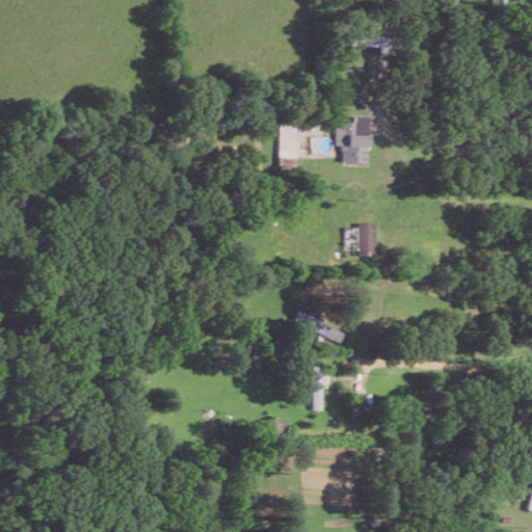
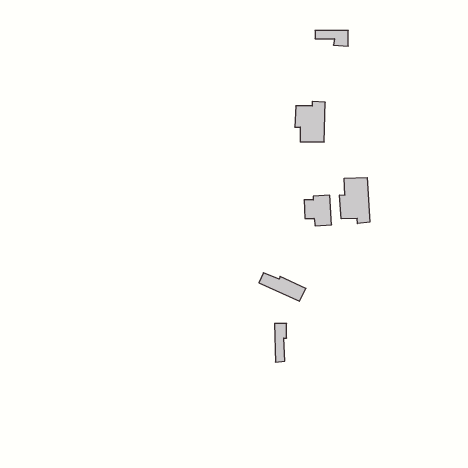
building: [280,124,297,168] -> none
building: none -> [340,178,370,224]

